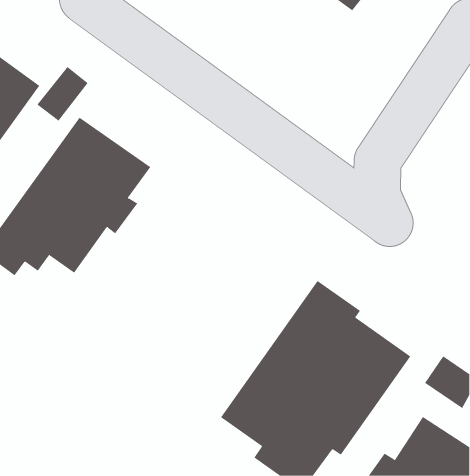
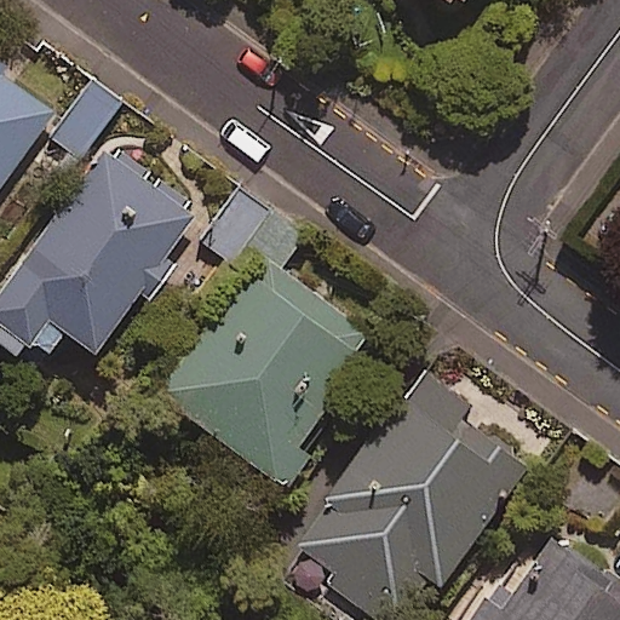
building: none -> [159,194,380,481]

